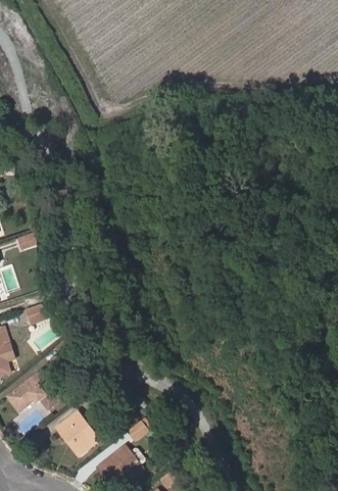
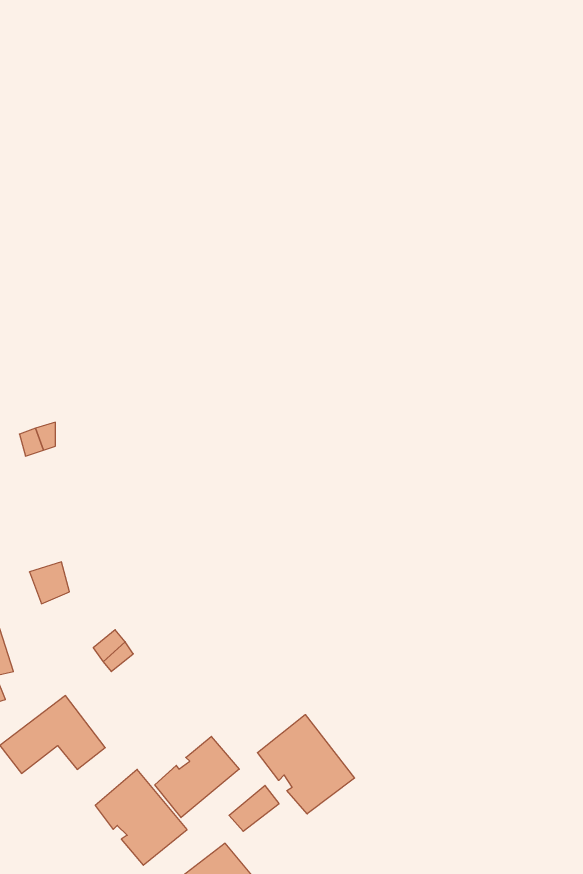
building: none -> [257,715,355,814]
building: none -> [155,736,239,818]

